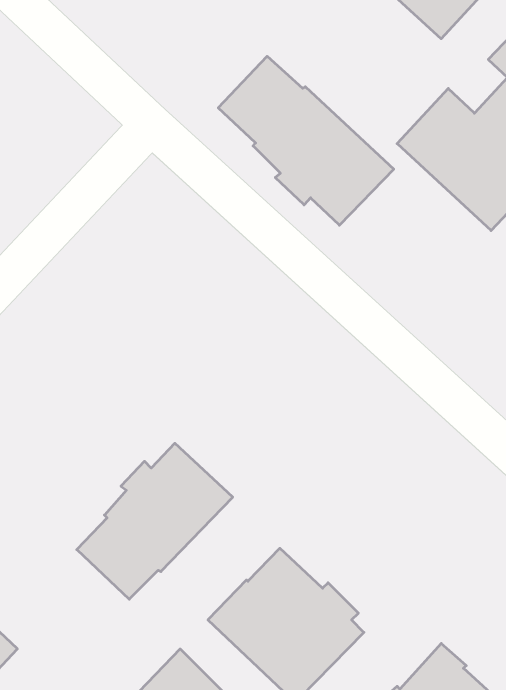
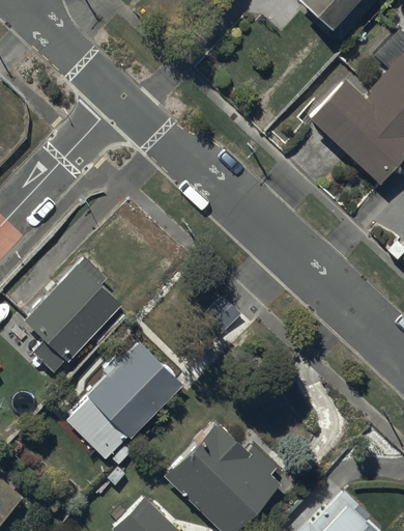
building: [218,56,394,225] -> none
building: none -> [26,261,123,378]

